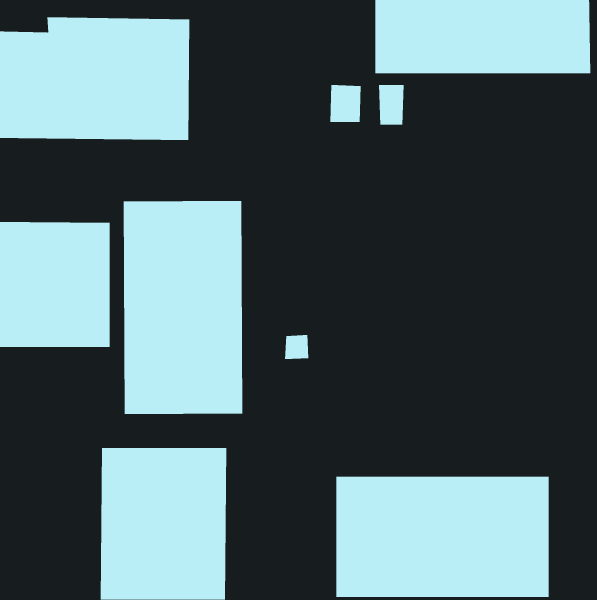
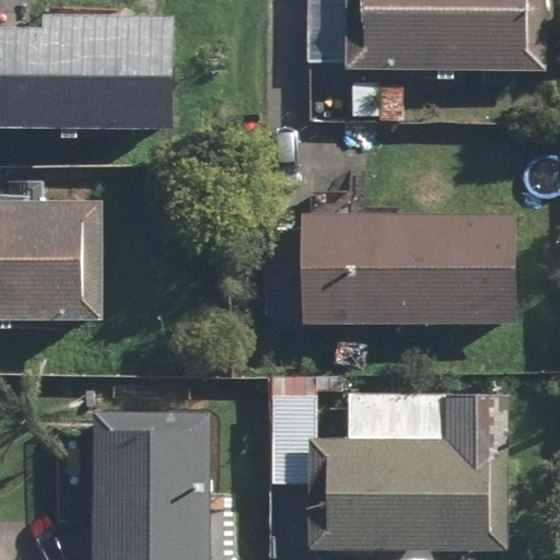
building: [123,200,243,415] -> none
building: none -> [298,214,514,323]

